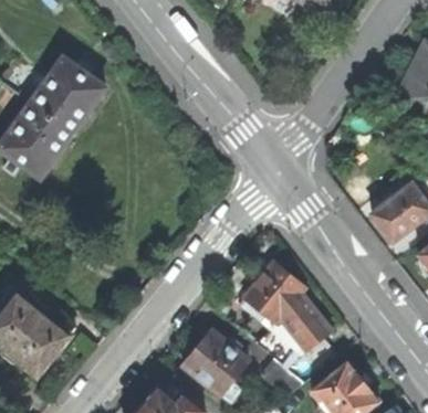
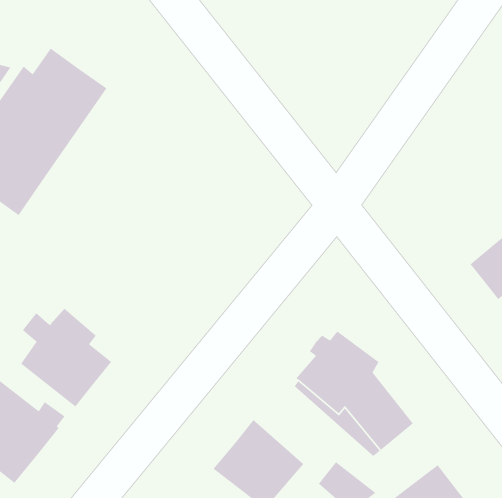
building: none -> [20,308,112,407]

